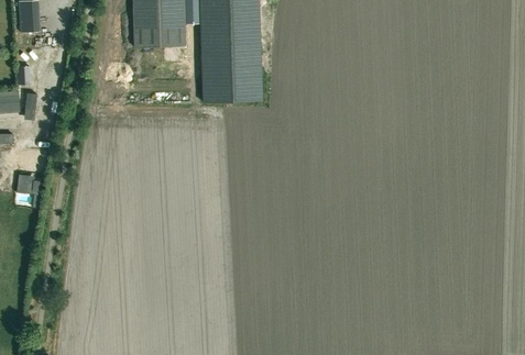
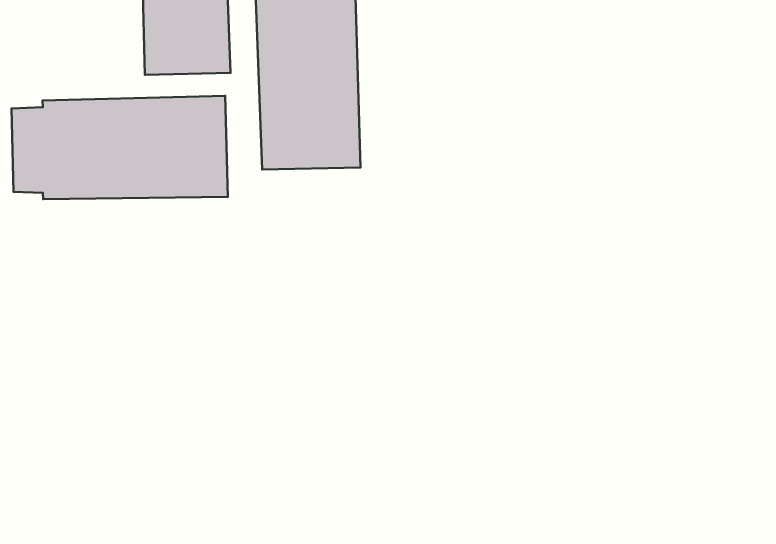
building: none -> [11,96,228,199]

